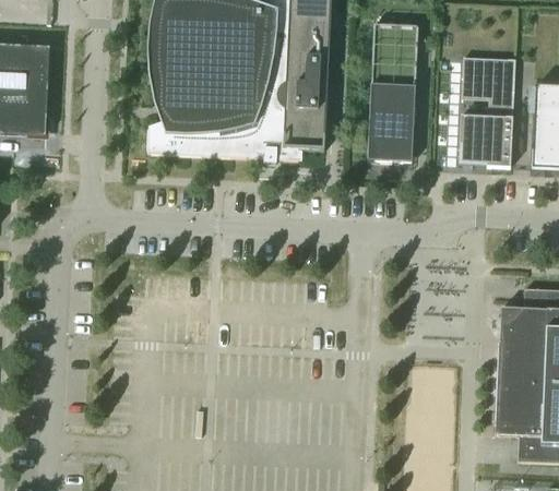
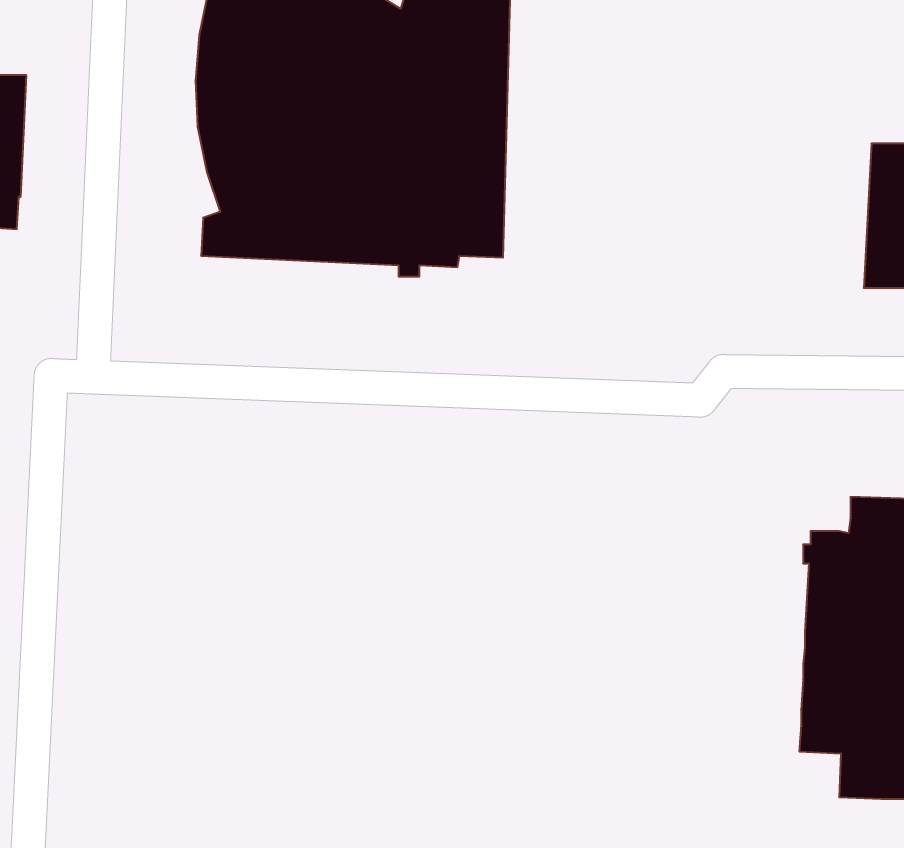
building: [367,22,418,160] -> none
building: [459,56,515,166] -> none

